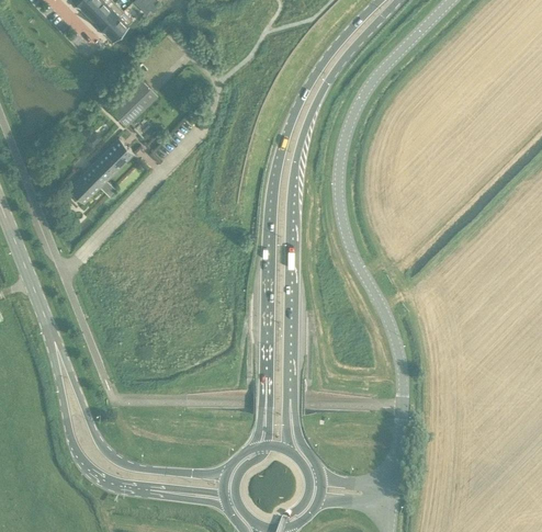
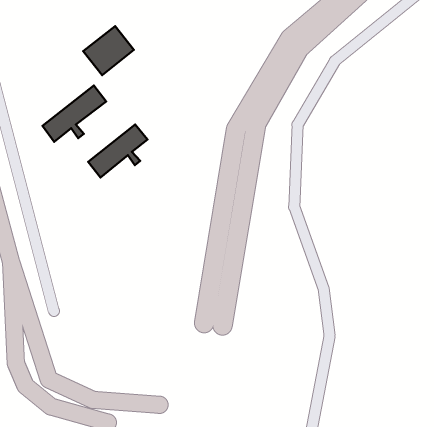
building: none -> [88,125,148,178]

